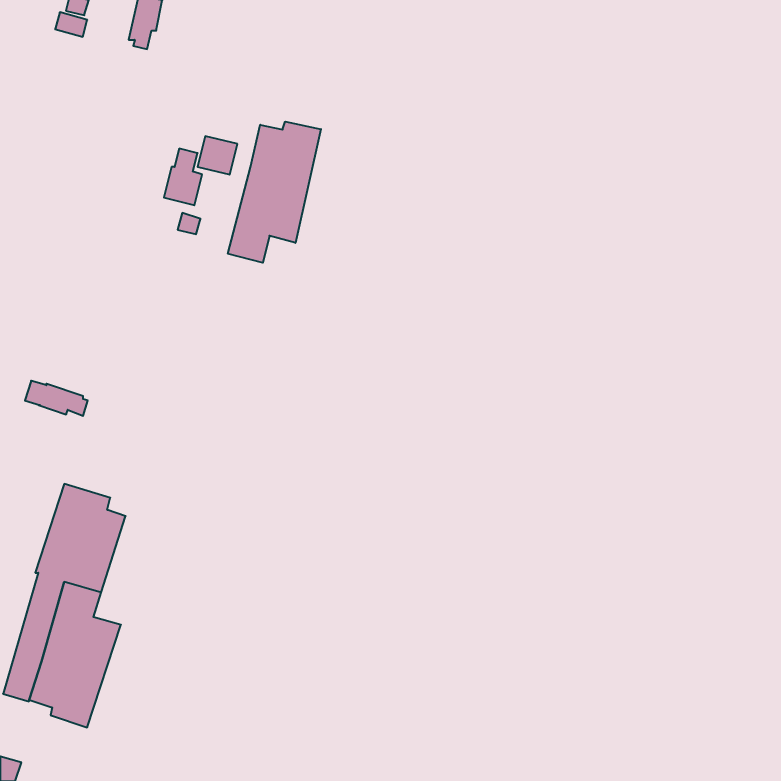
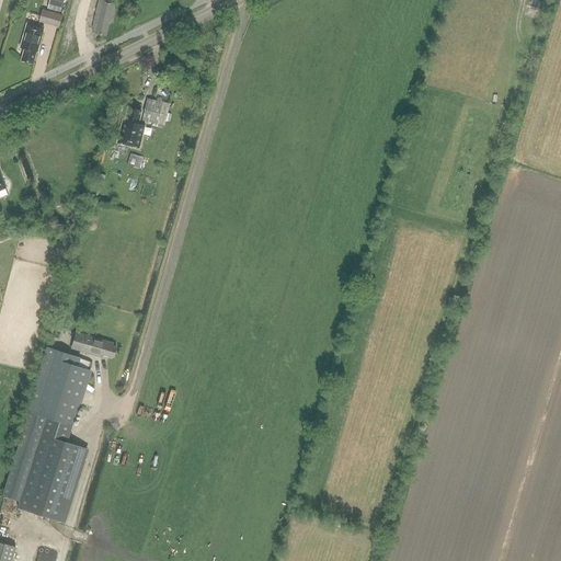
building: none -> [21,22,45,62]
building: [228,122,321,263] -> none
building: [25,381,88,416] -> [72,332,117,357]

